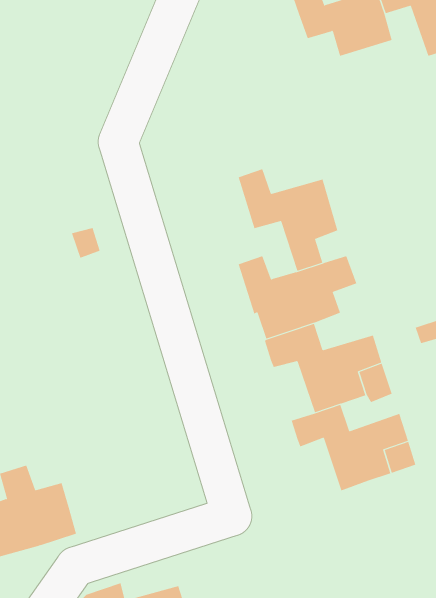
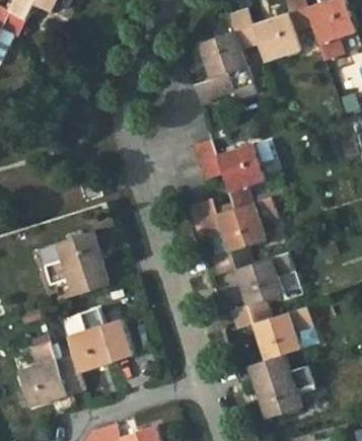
building: none -> [194,32,246,103]
building: none -> [46,231,108,296]
building: none -> [67,309,131,372]
building: none -> [247,354,311,419]

